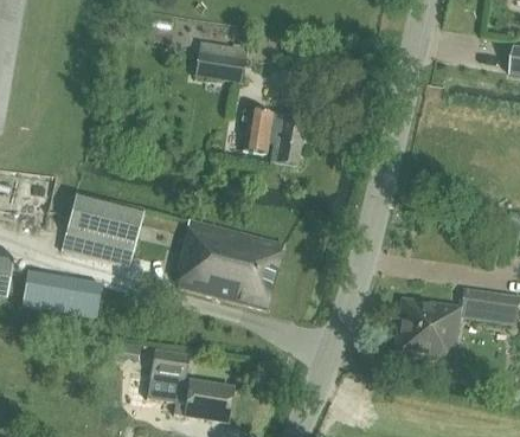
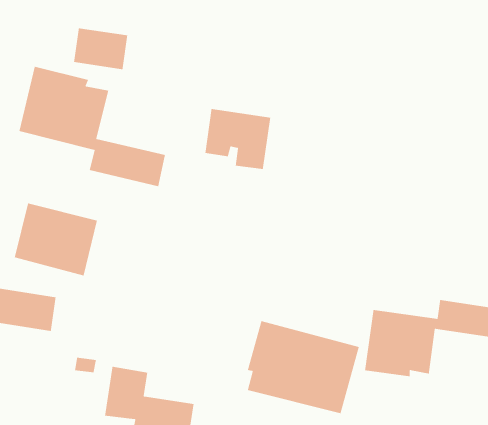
building: [194,40,246,81] -> [73,27,128,70]
building: none -> [18,66,166,187]
building: [176,219,283,308] -> [247,320,360,414]

